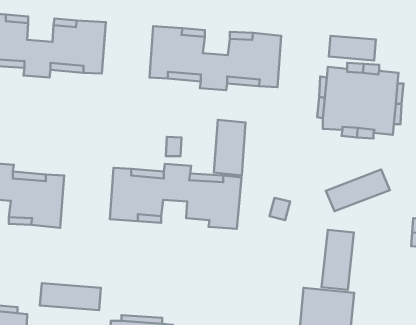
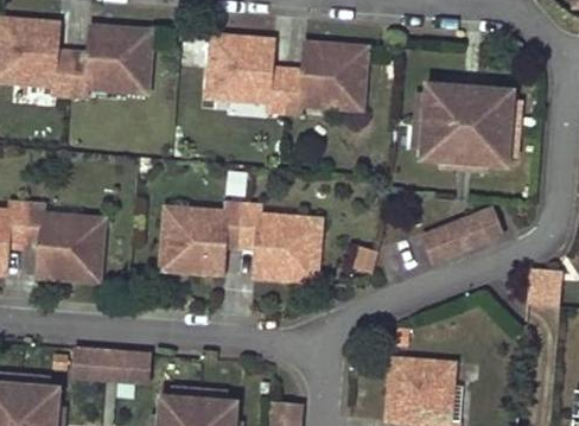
building: [329,36,376,60] -> none
building: [214,120,246,175] -> none
building: [322,230,354,290] -> none

